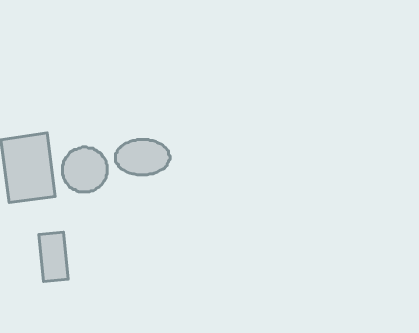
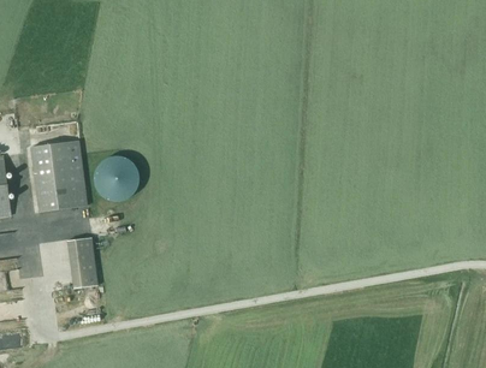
building: [116,140,170,175] -> none

